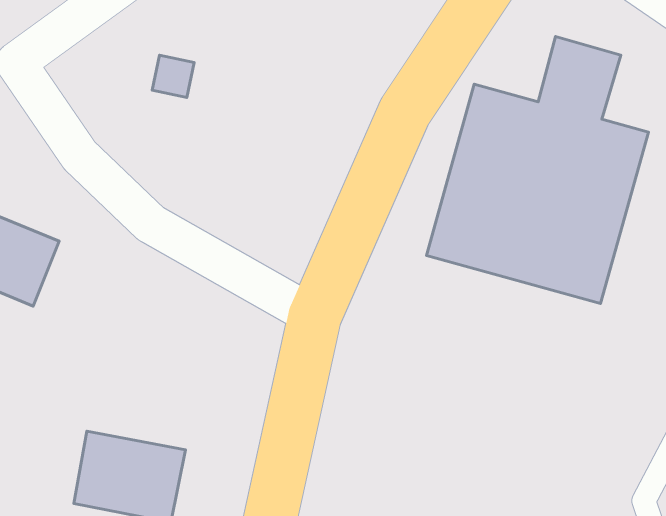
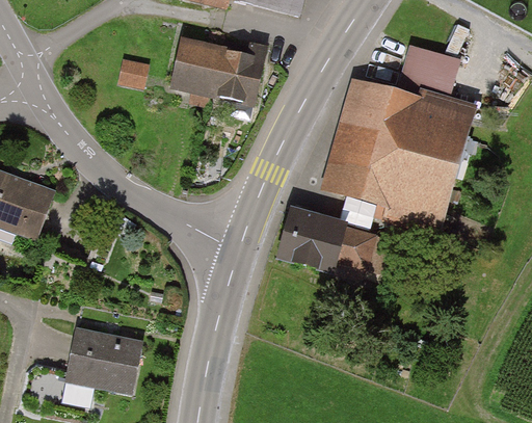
building: none -> [166,37,264,106]
building: none -> [272,206,379,282]

